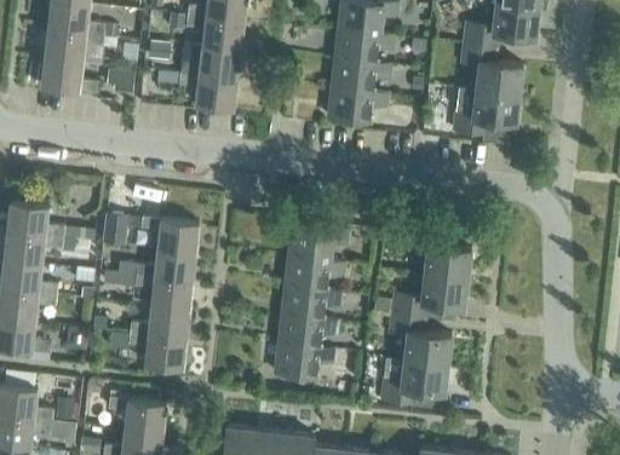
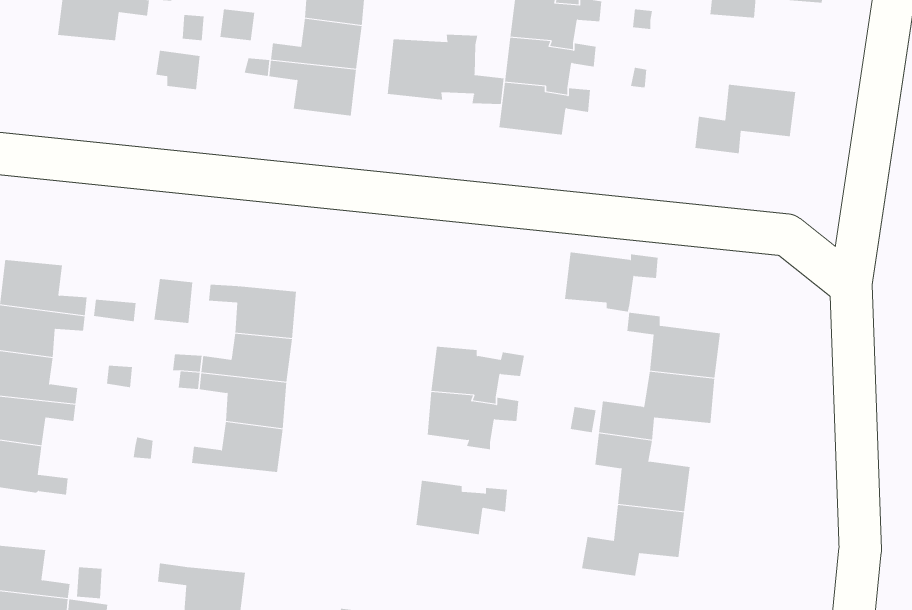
building: [460,45,522,94] -> none
building: none -> [387,34,504,105]
building: [41,58,98,93] -> none
building: [287,227,348,266] -> [564,252,659,312]
building: [277,315,337,352] -> none
building: [128,333,185,369] -> none

